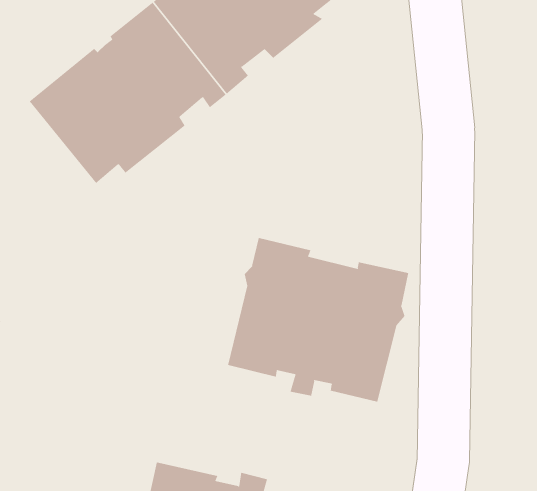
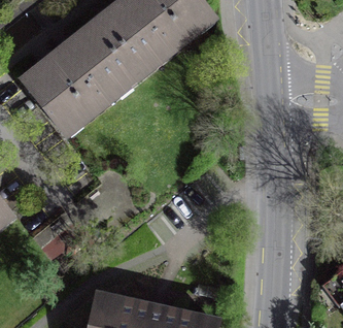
building: [228,237,409,403] -> none

